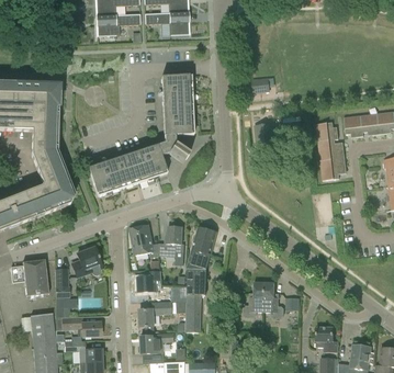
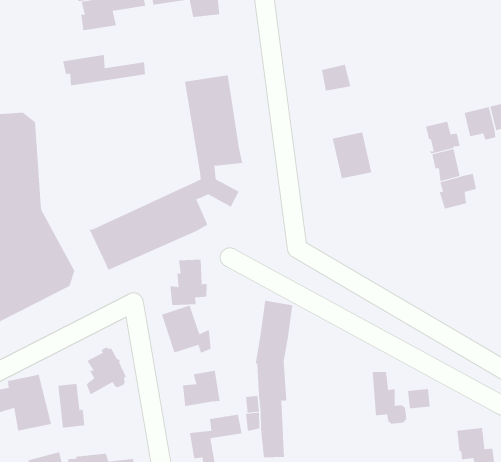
building: none -> [63,54,146,86]
building: [159,226,184,257] -> [169,259,207,306]
building: [244,282,263,317] -> none

